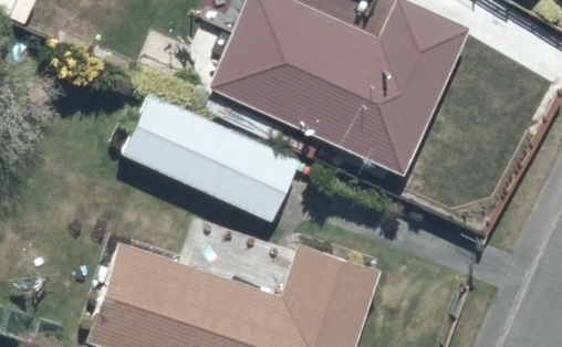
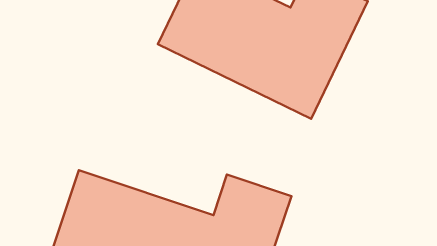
building: [118,92,298,220] -> none

